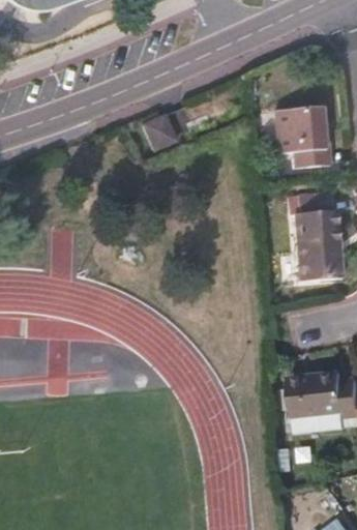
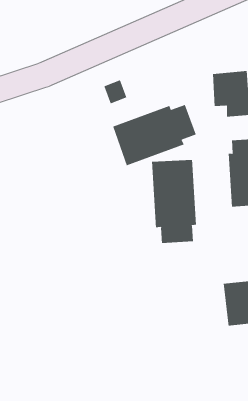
building: none -> [112,104,196,166]
building: none -> [151,159,197,244]

